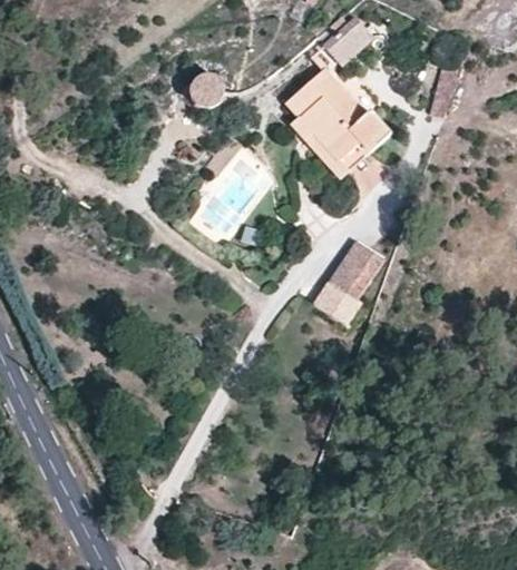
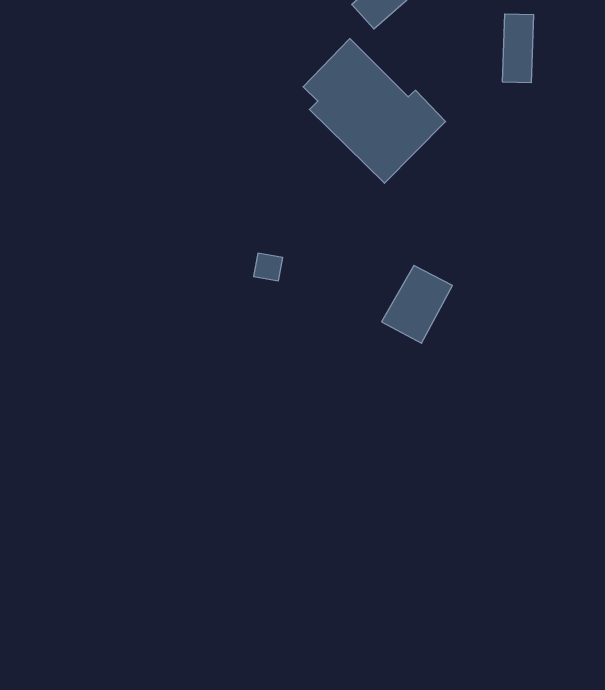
building: [187,72,223,108] -> none
building: [315,278,362,322] -> none

